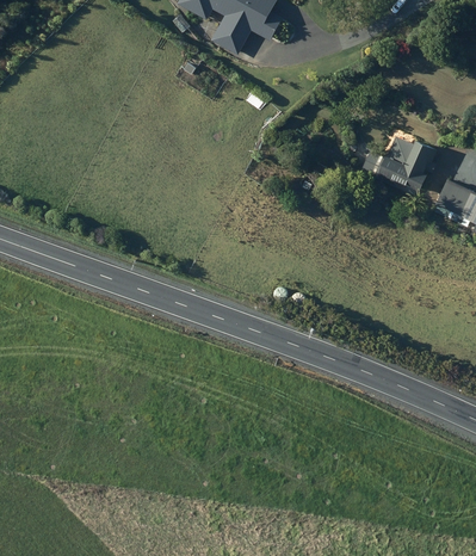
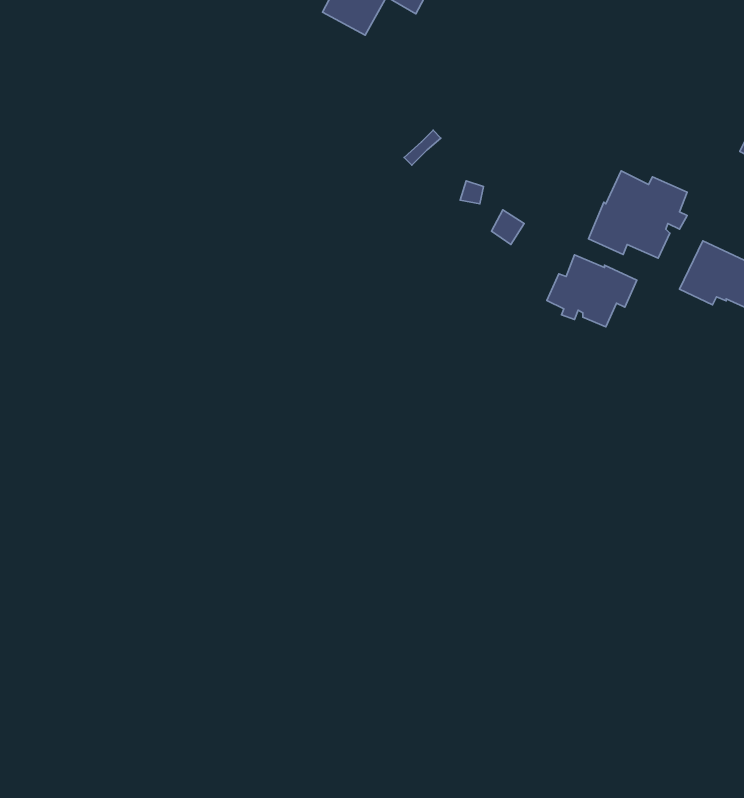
building: none -> [547,255,637,327]

